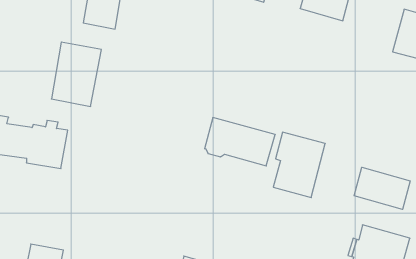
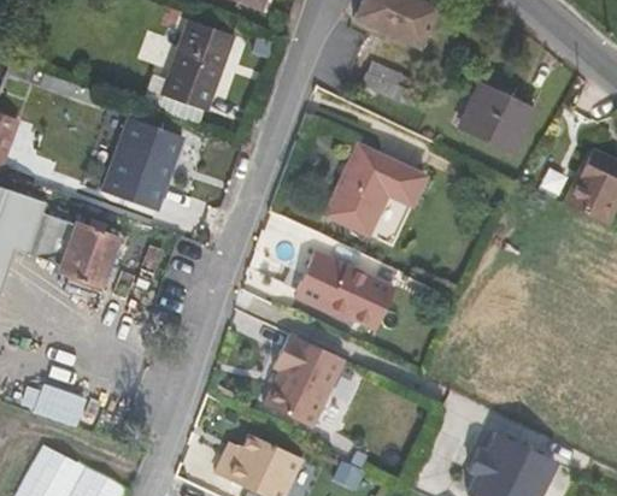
building: none -> [319,143,419,232]
building: [273,132,325,198] -> [266,335,346,429]
building: [354,167,410,209] -> none

